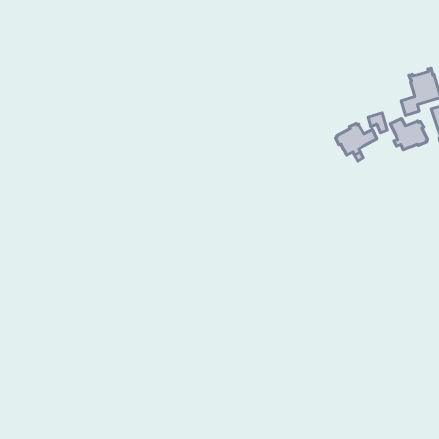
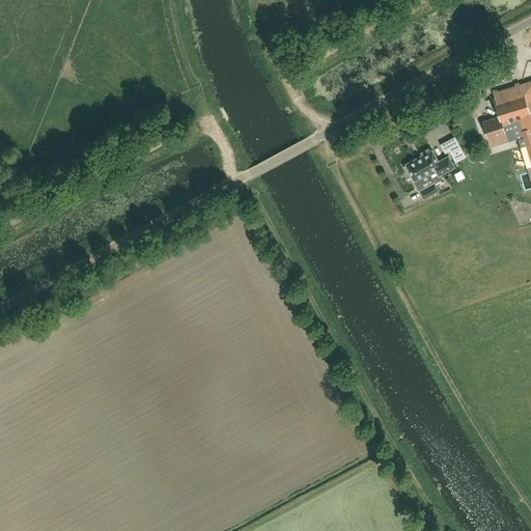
building: [390,119,427,150] -> none

